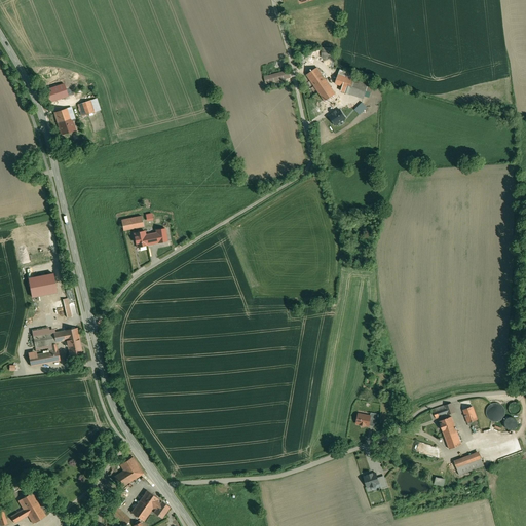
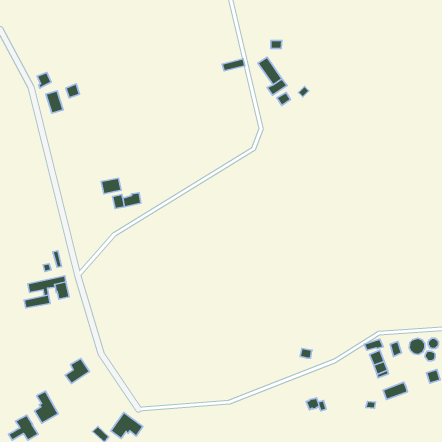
building: [335,75,368,99] -> none
building: [29,273,57,297] -> none
building: [114,457,143,487] -> [65,359,90,384]
building: none -> [35,391,58,423]

